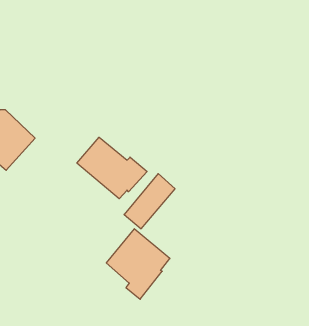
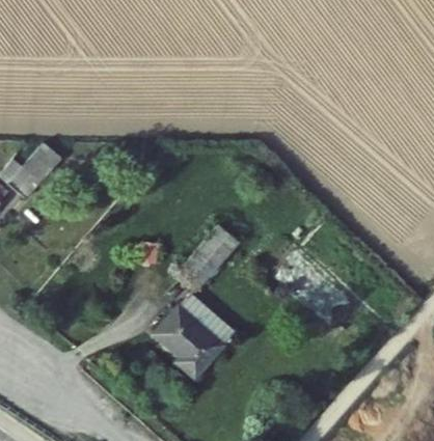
building: [77,137,147,199] -> none

